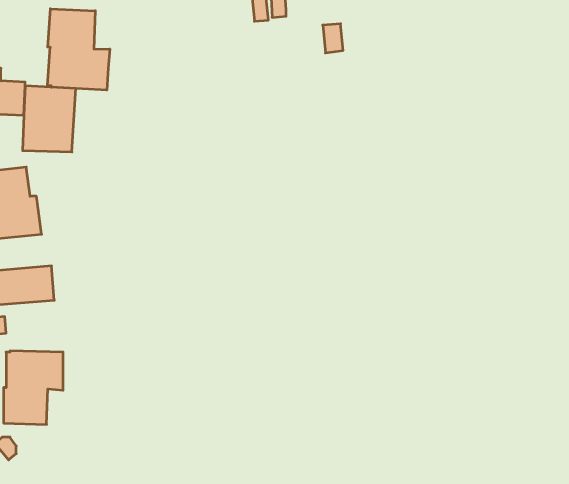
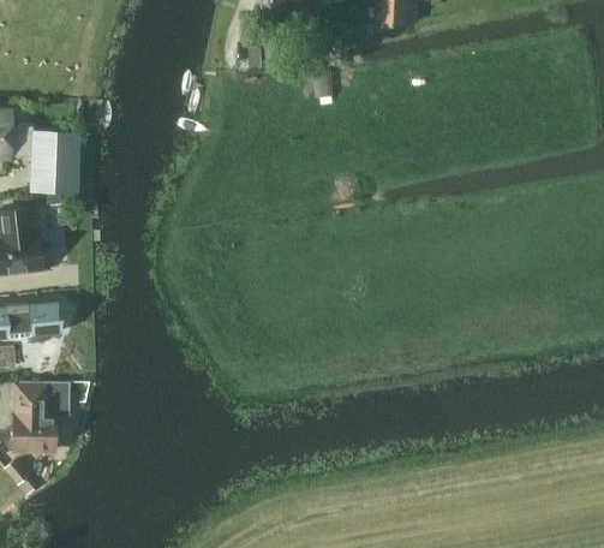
building: [48,9,110,90] -> none

